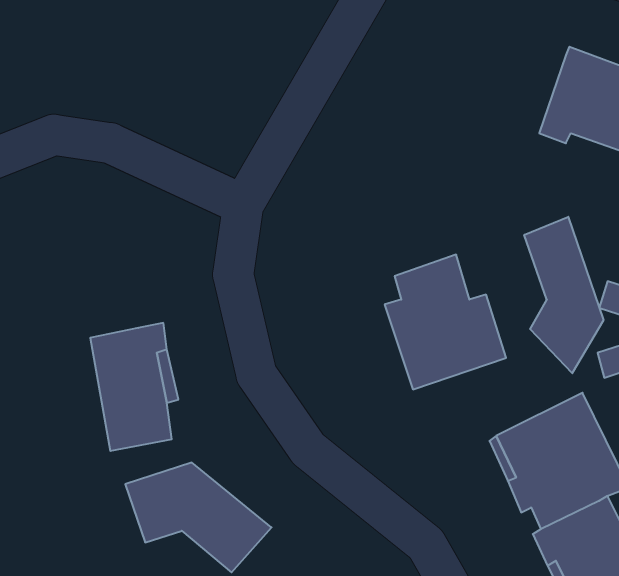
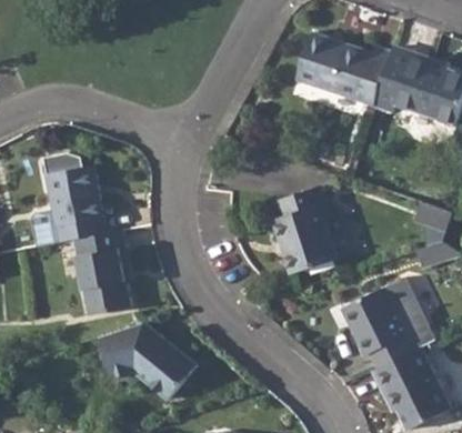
building: none -> [298,31,392,104]
building: [524,217,603,373] -> none
building: none -> [48,165,107,243]

